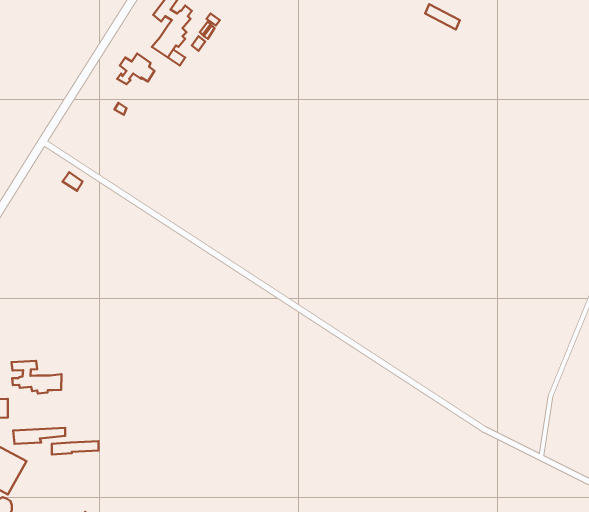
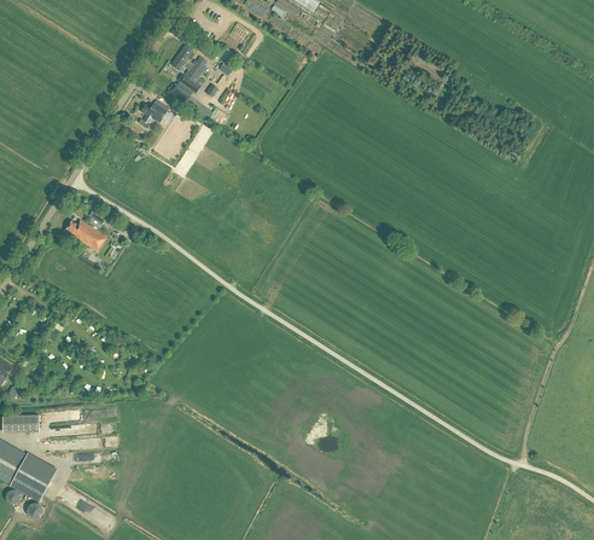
building: none -> [65,220,106,251]
building: [11,361,61,393] -> none

